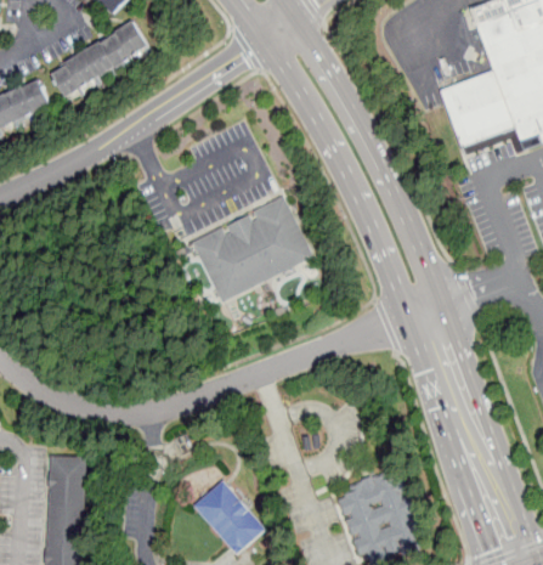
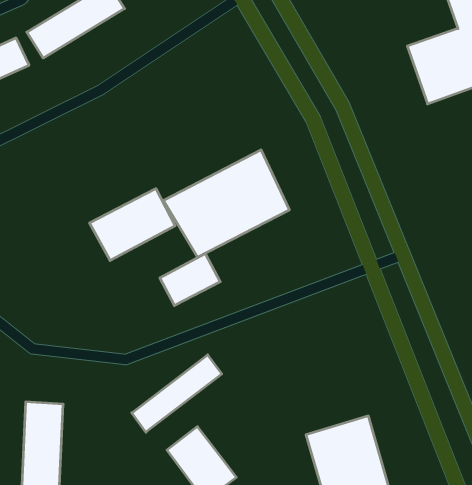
building: none -> [90,189,175,261]
building: none -> [160,253,220,306]
building: none -> [132,355,222,432]

